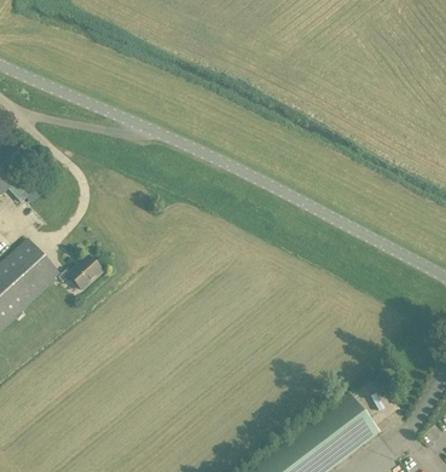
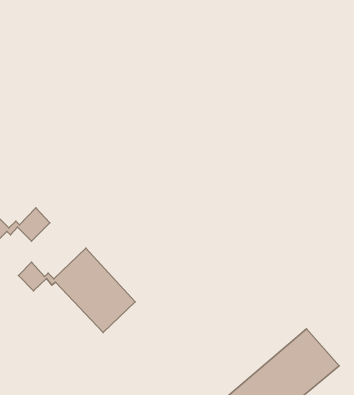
building: none -> [18,248,135,332]

